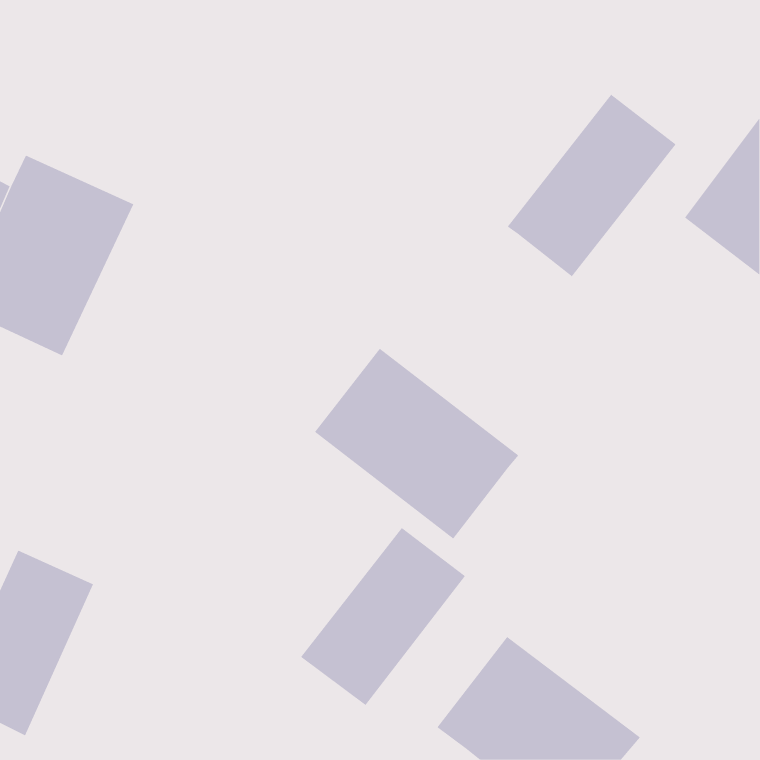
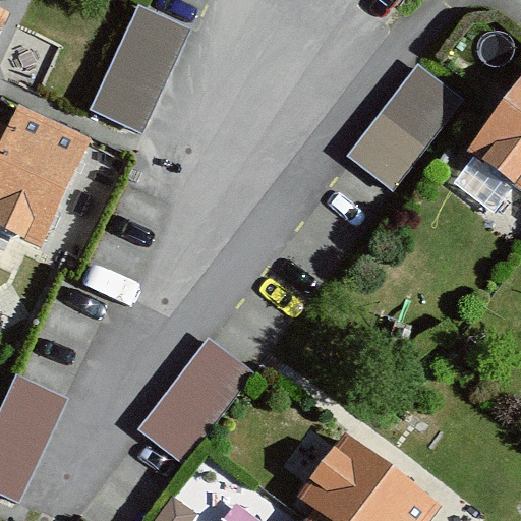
building: none -> [92,7,186,133]
building: [314,348,519,539] -> none
building: [300,527,466,706] -> [139,339,252,461]

